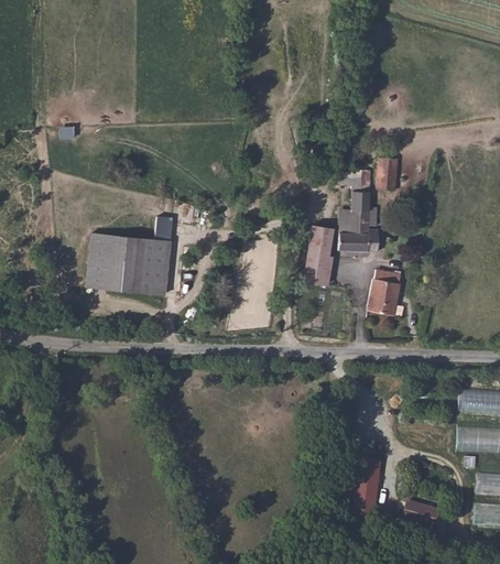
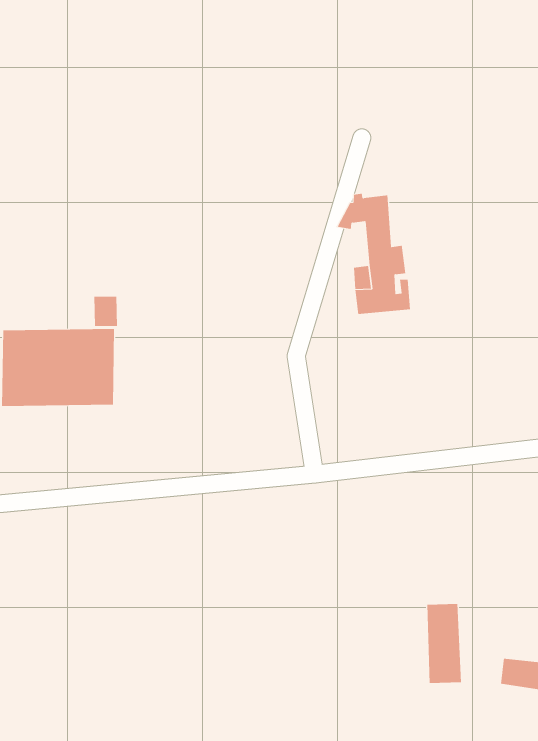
building: [376,158,399,192] -> none
building: [304,226,329,285] -> none
building: [367,270,401,315] -> none

